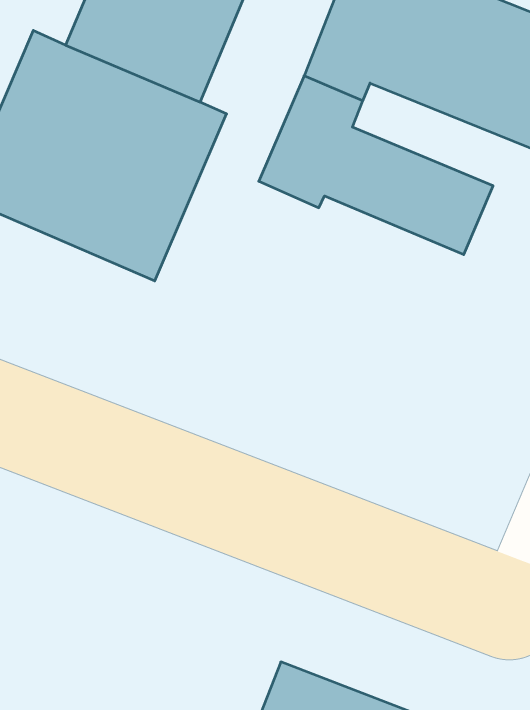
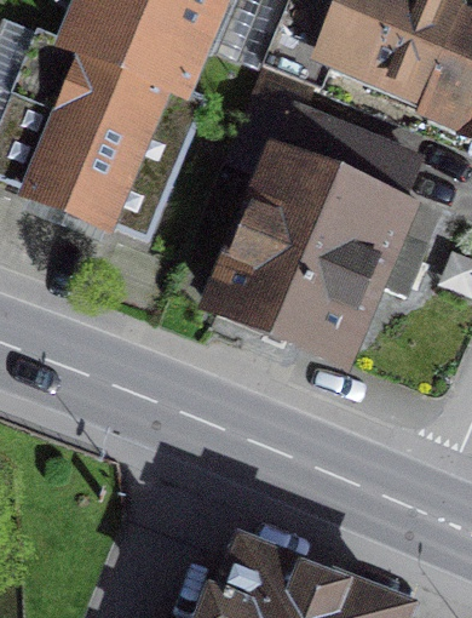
building: none -> [230,173,404,362]

